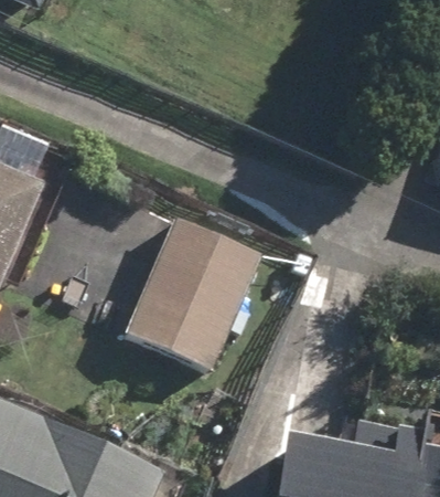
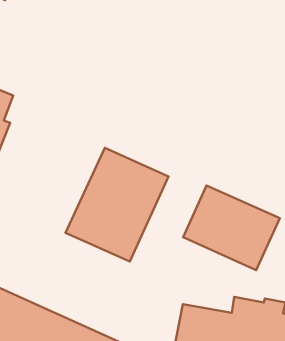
building: none -> [183,186,280,270]

